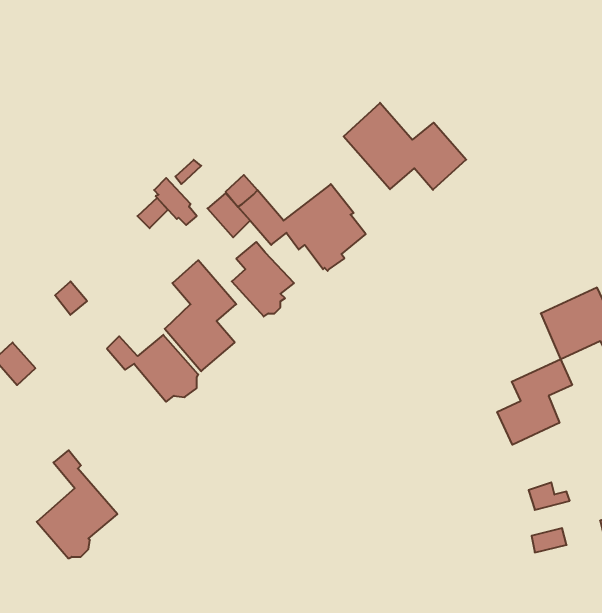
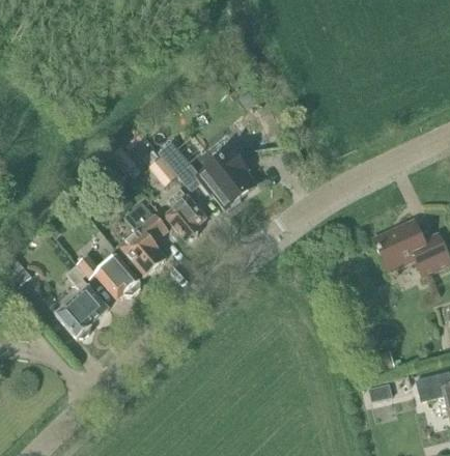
building: [344,103,466,190] -> none
building: [497,359,572,445] -> none
building: [37,450,117,558] -> [55,263,110,337]

